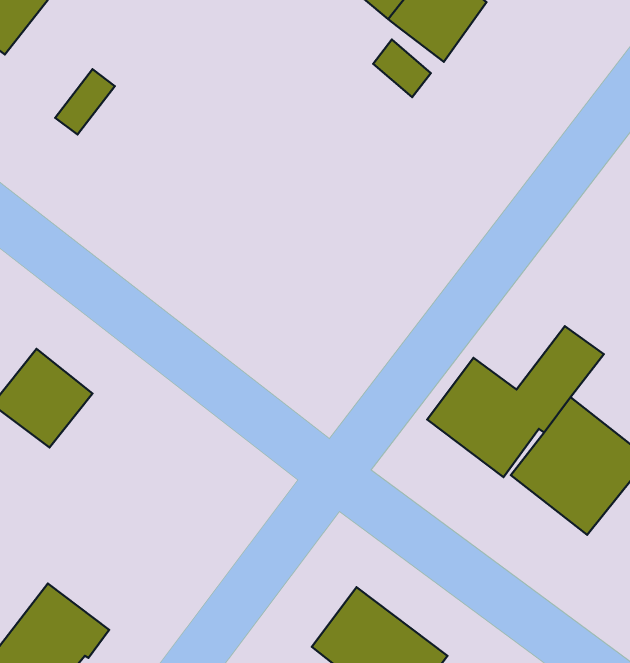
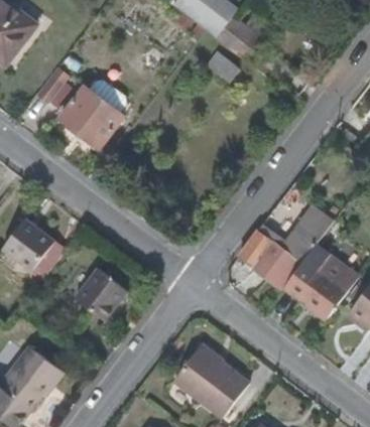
building: none -> [60,87,123,147]
building: none -> [80,267,129,316]

